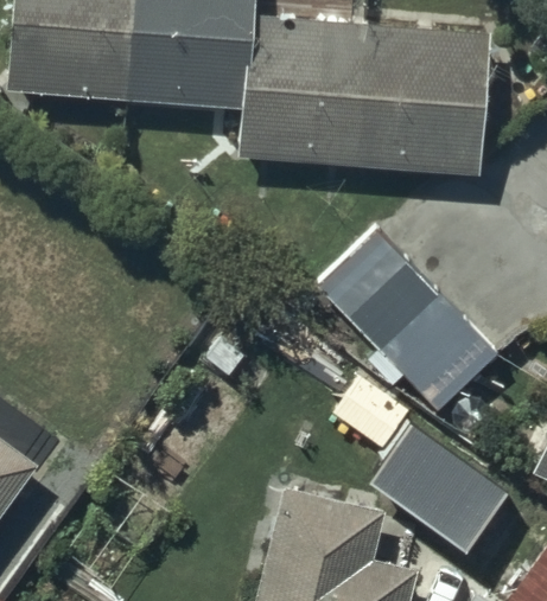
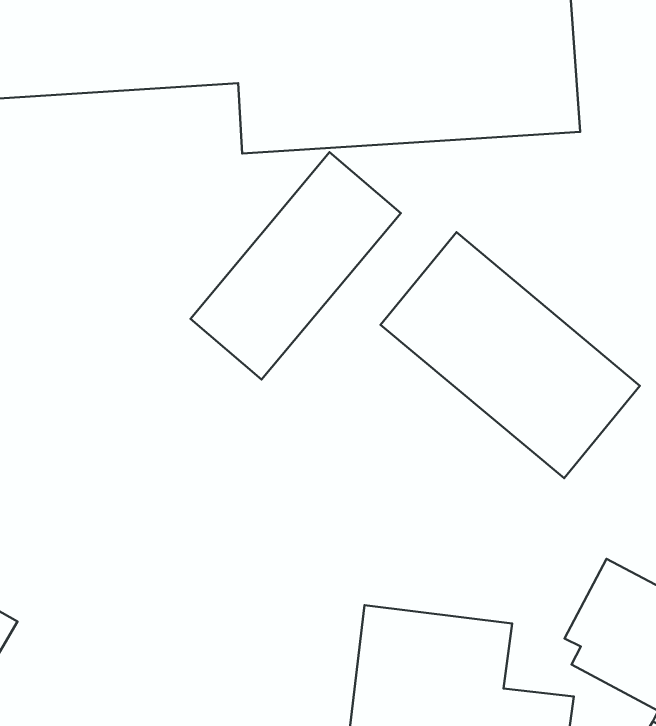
building: none -> [190,152,401,380]

